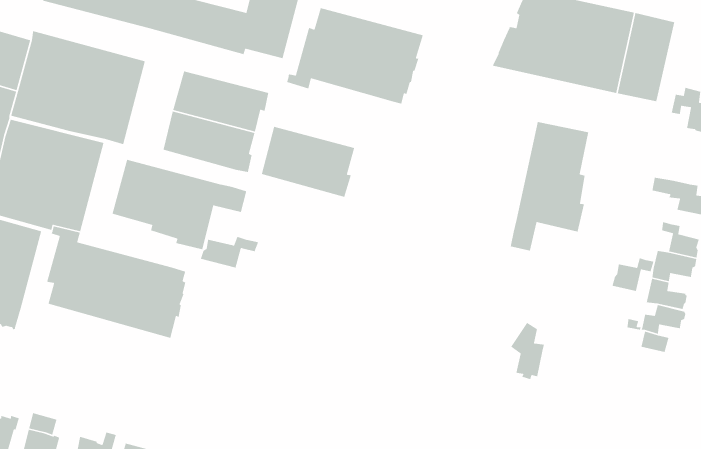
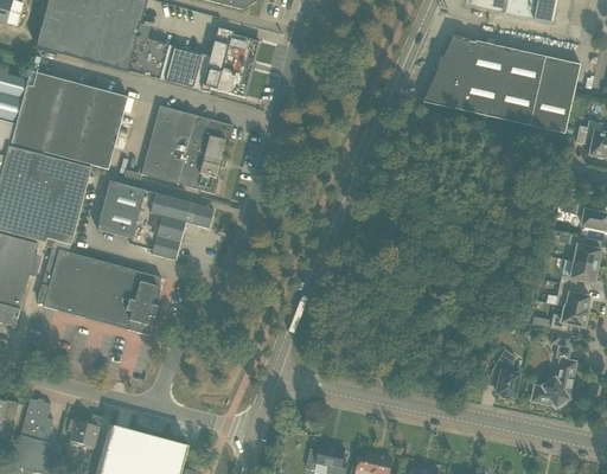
building: [286,7,424,105] -> none
building: [510,121,589,252] -> none
building: [261,126,355,198] -> none
building: [200,236,259,269] -> none
building: [611,257,655,292] -> none
building: [510,322,545,380] -> [490,350,519,399]
building: none -> [530,358,575,408]

